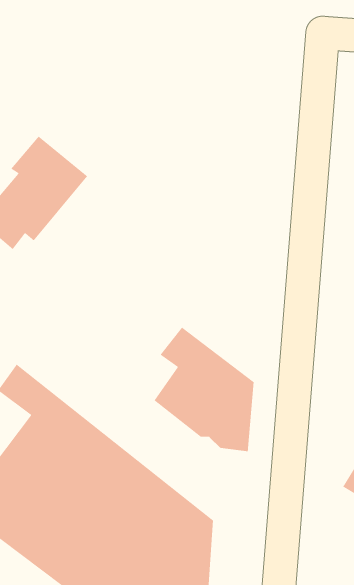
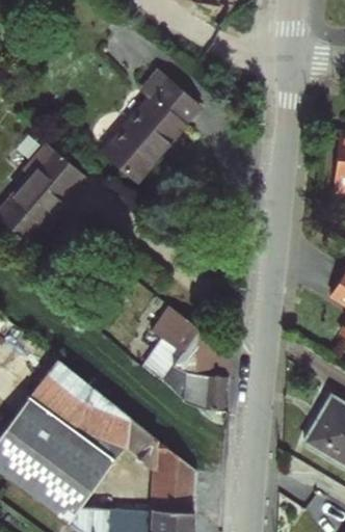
building: none -> [105,73,200,181]

